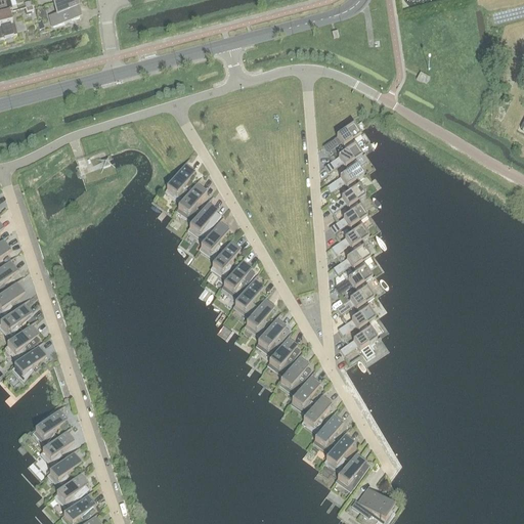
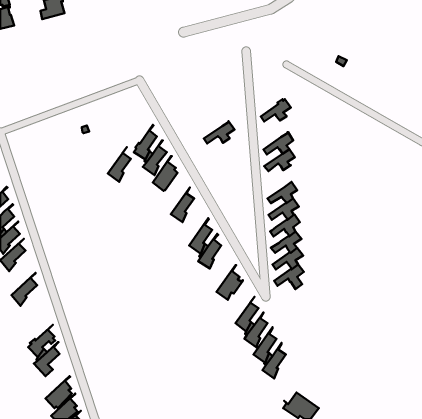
building: [324,143,362,171] -> [204,121,234,144]
building: [330,205,366,232] -> none
building: [201,213,229,256] -> [108,147,131,182]
building: [223,252,255,295] -> none
building: [257,309,286,352] -> none
building: [7,317,40,357] -> none
building: [280,348,312,391] -> none
building: [49,444,81,485] -> none
building: [337,444,369,487] -> none

